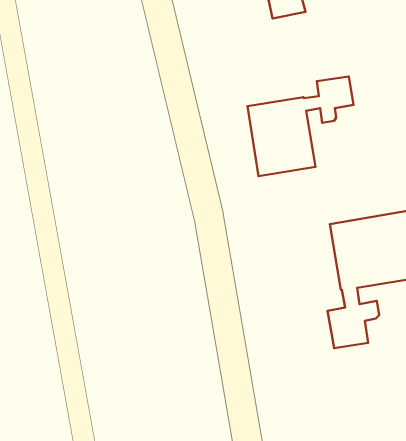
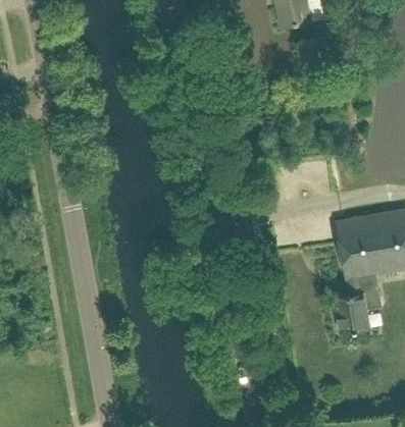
building: [248,76,353,176] -> none

